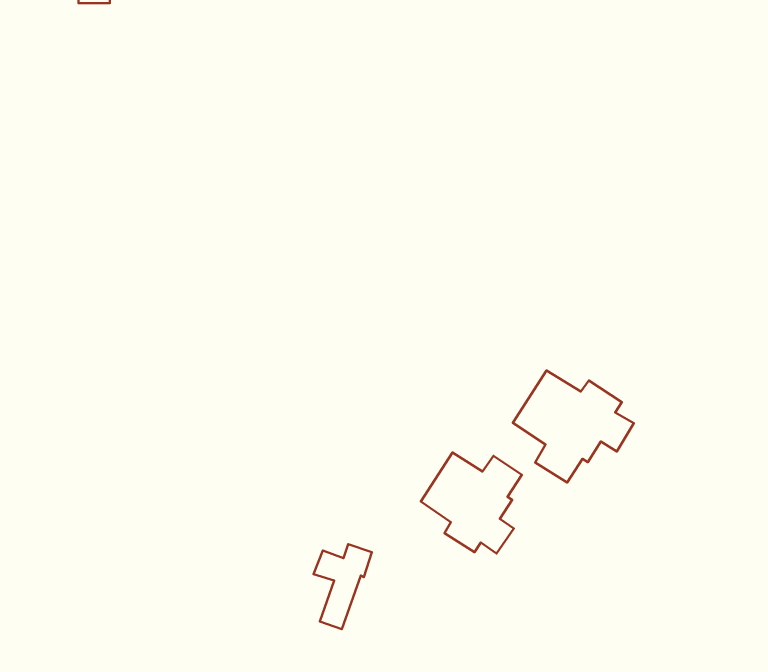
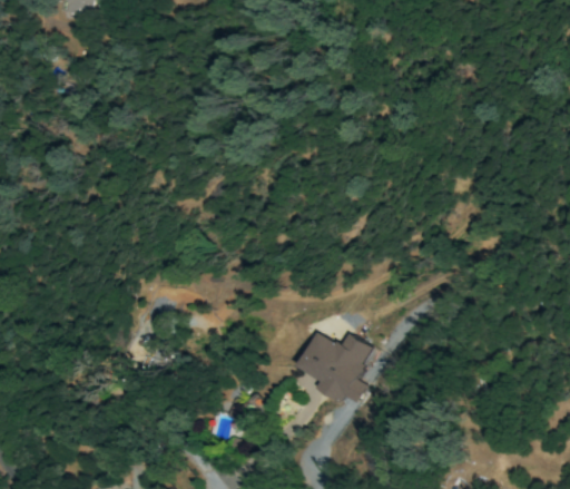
building: [513,371,634,482] -> none

